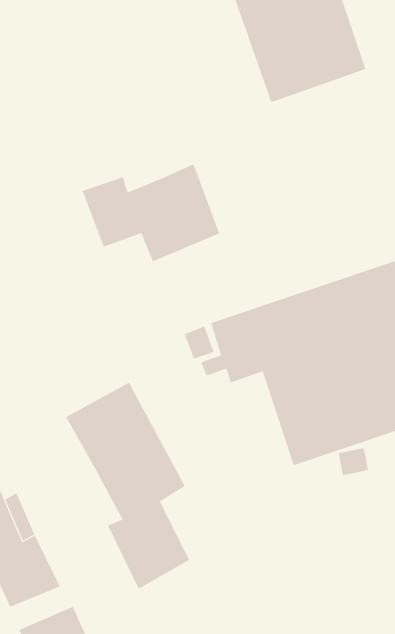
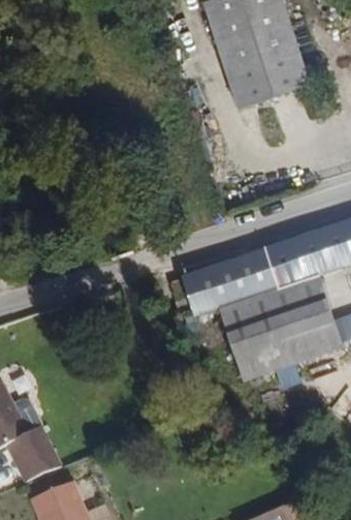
building: [82,164,220,262] -> none
building: [66,382,190,589] -> none

